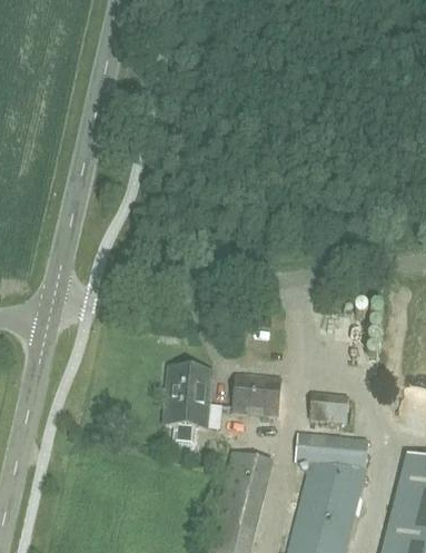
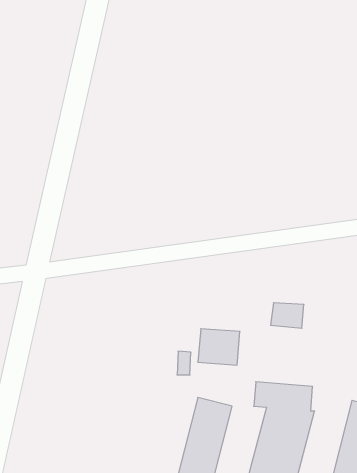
building: [162,365,211,444] -> none
building: [309,392,347,421] -> [271,303,304,328]

